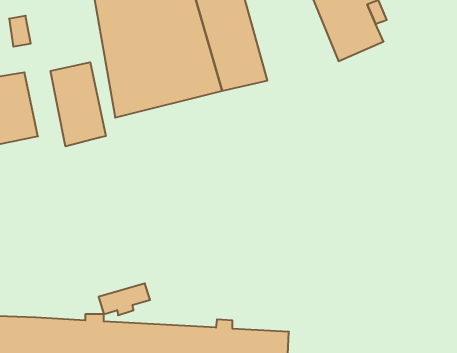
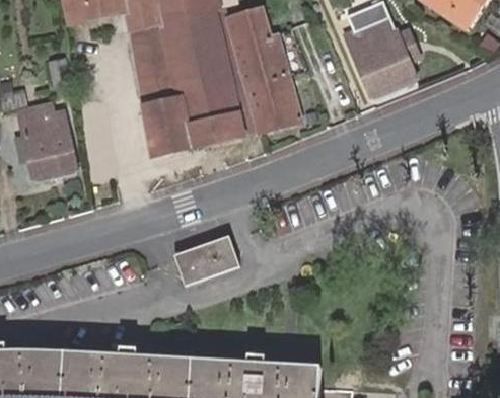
building: [51,62,106,146] -> none
building: [99,283,150,315] -> [184,240,234,271]

